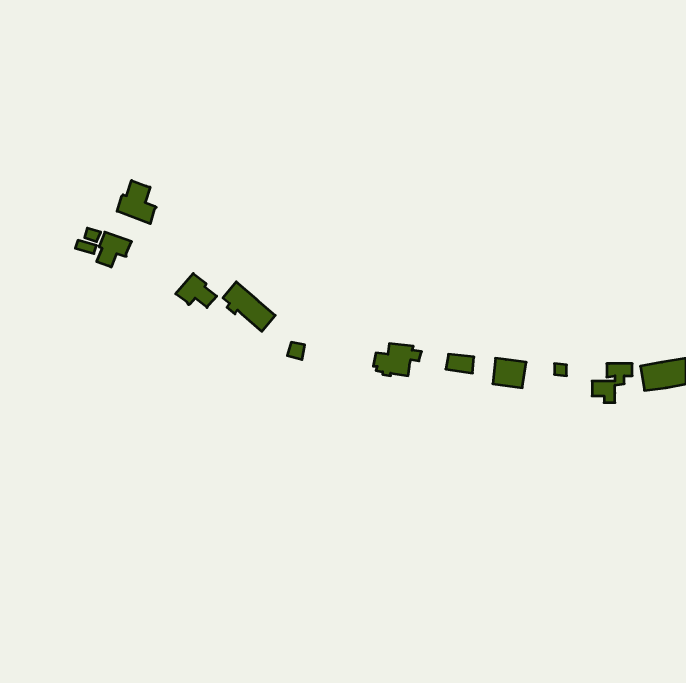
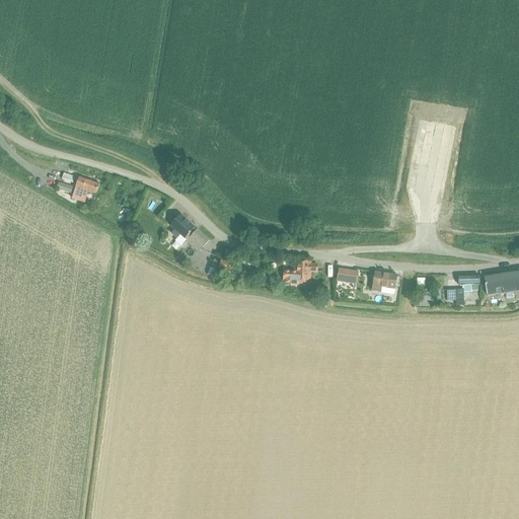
building: [117,180,156,224] -> none
building: [176,273,217,308] -> none

